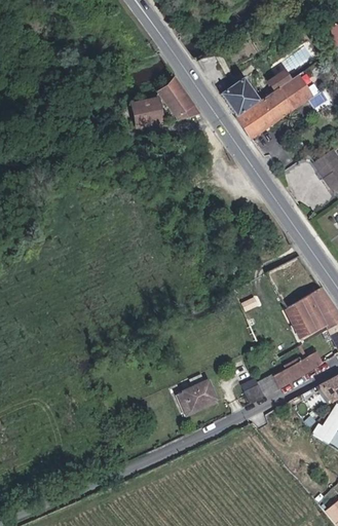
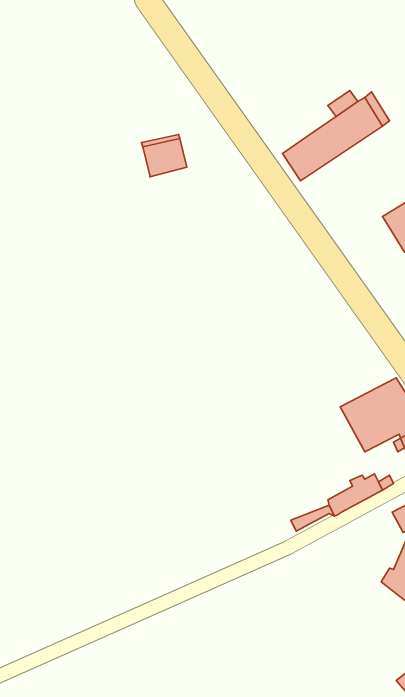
building: [157,75,204,124] -> none
building: [225,75,263,116] -> none
building: [181,378,215,409] -> none

